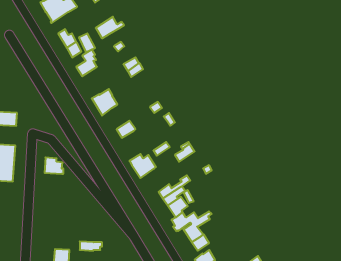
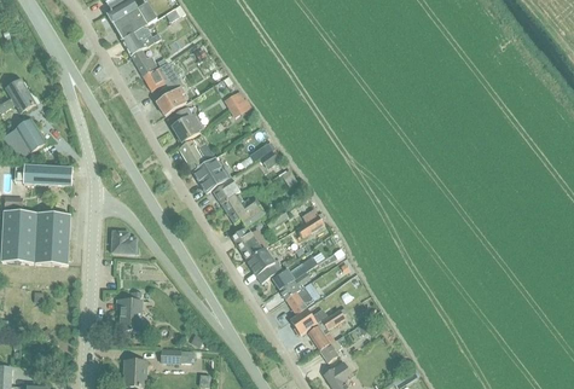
building: [96,17,124,38] -> [121,25,161,56]
building: none -> [169,106,203,143]
building: none -> [192,157,230,193]
building: none -> [220,193,265,226]
building: none -> [247,246,280,283]
building: none -> [116,298,141,331]

